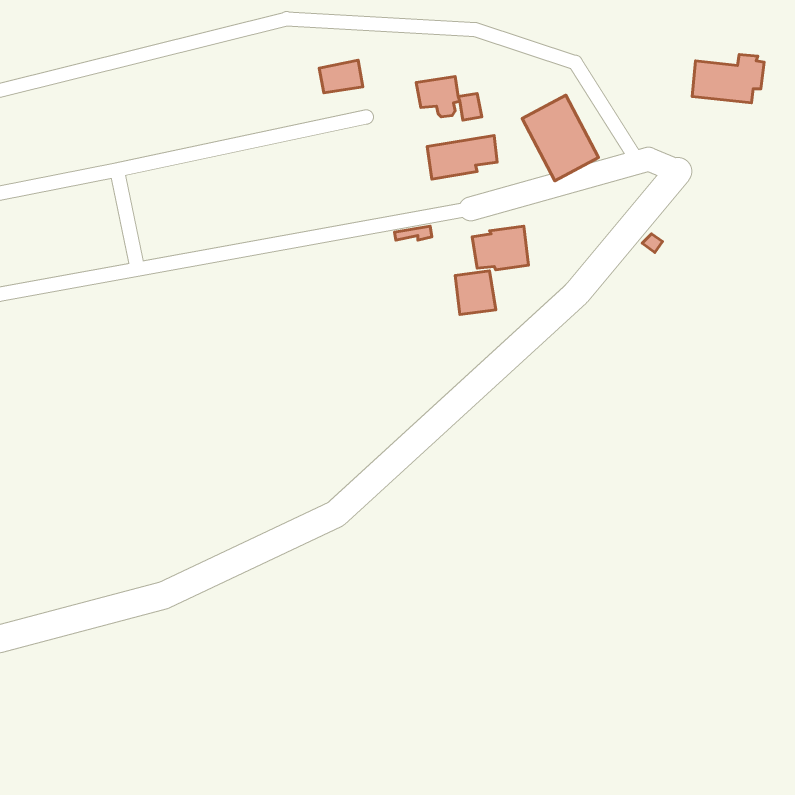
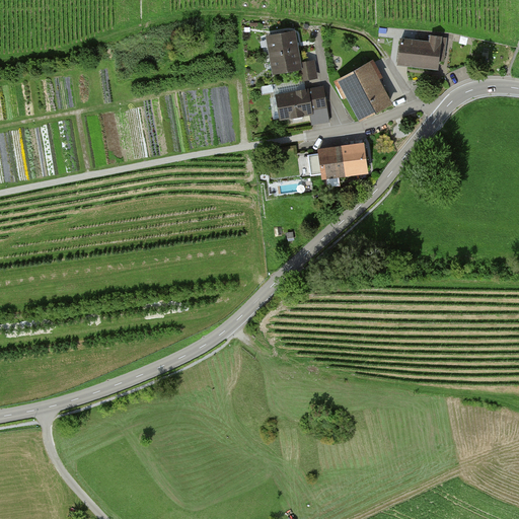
building: [692,54,764,103] -> [398,34,445,66]
building: [319,60,363,93] -> [268,32,296,54]
building: [455,271,496,315] -> [341,144,367,172]

